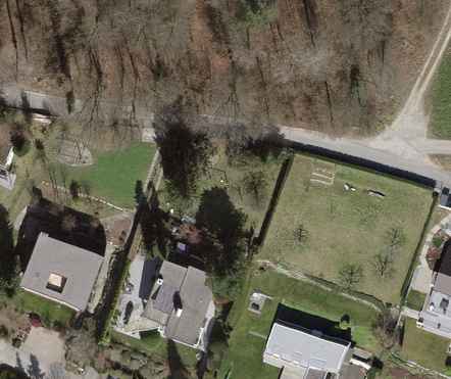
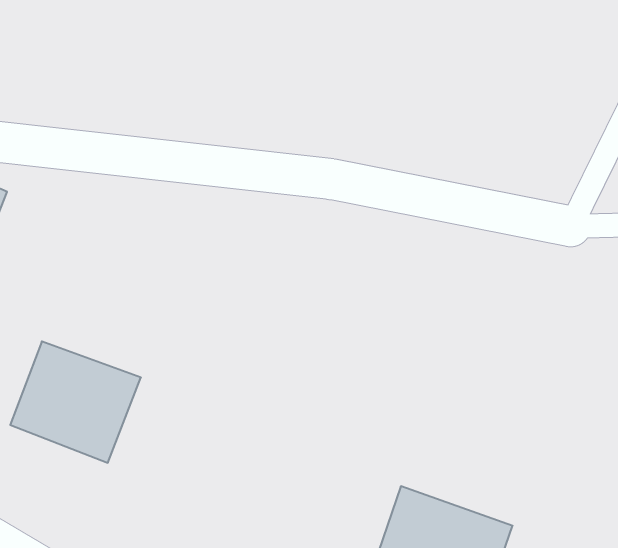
building: [142,255,219,343] -> none

